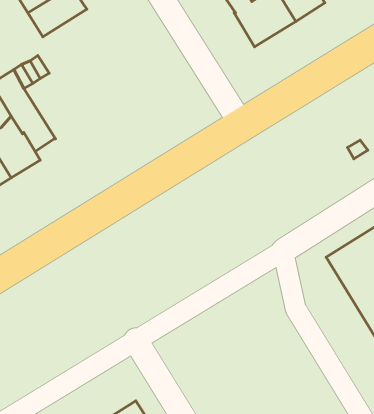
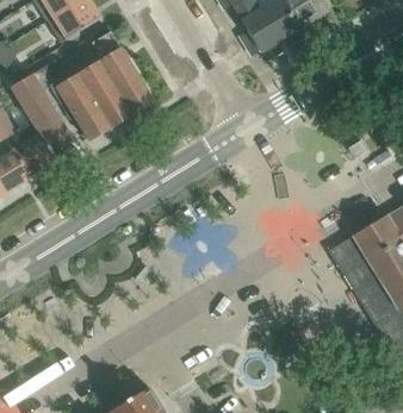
building: none -> [57,30,155,140]

